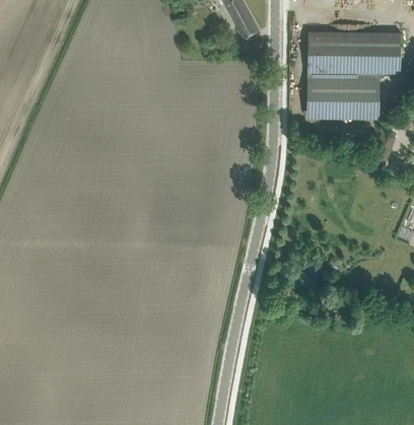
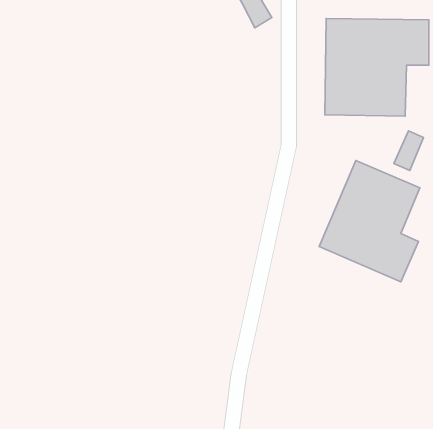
building: none -> [319,161,420,282]

